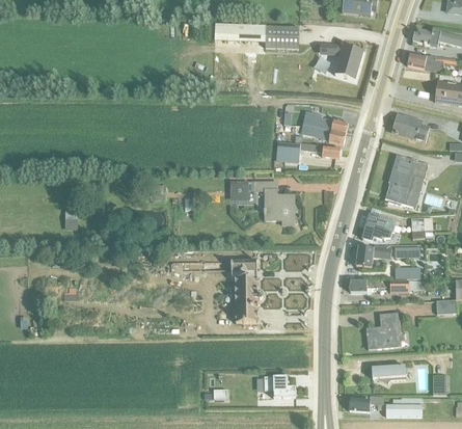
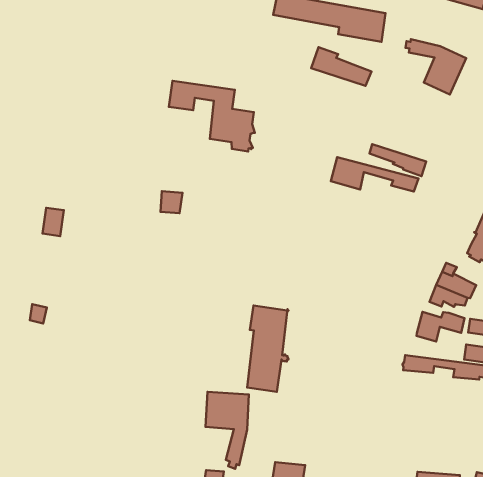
building: [302,109,348,133] -> [311,47,372,86]
building: [229,180,297,224] -> [169,81,255,151]
building: [365,312,401,349] -> none
building: none -> [206,392,249,469]

